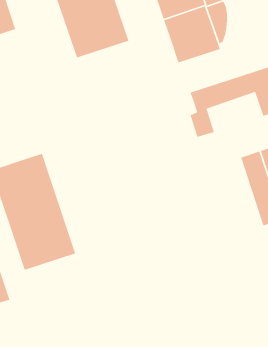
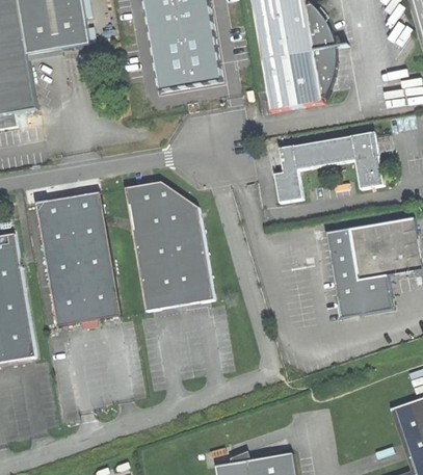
building: none -> [126,184,213,310]

